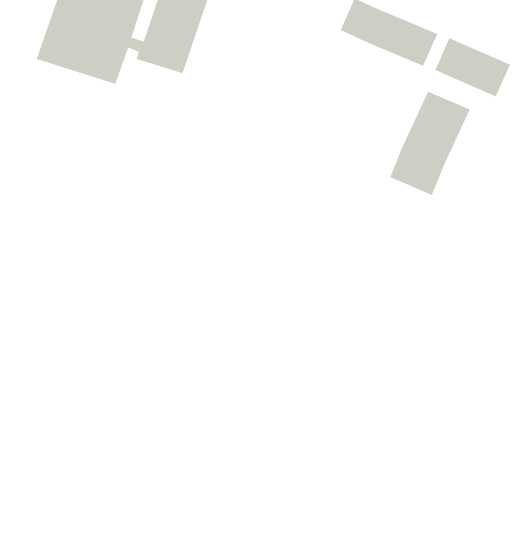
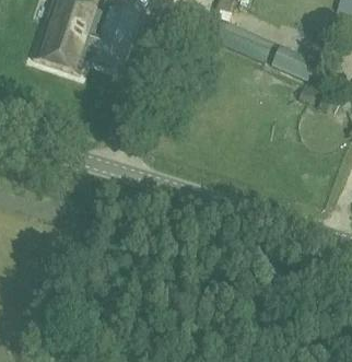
building: [389,91,470,196] -> none

